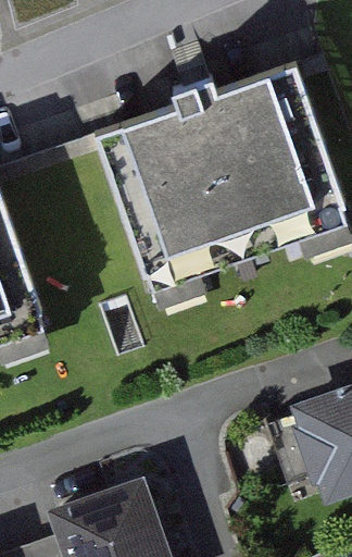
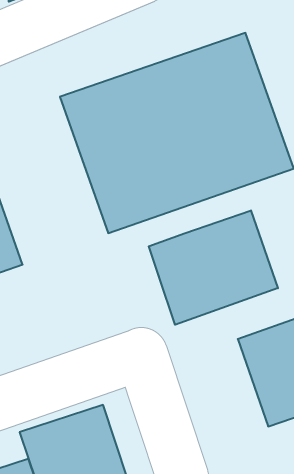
building: none -> [149,210,278,325]

